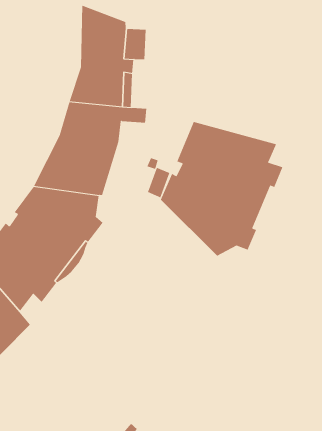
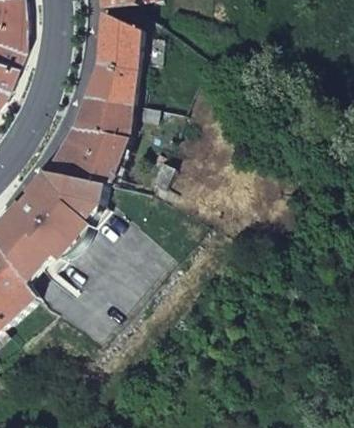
building: [160,121,283,257] -> none

